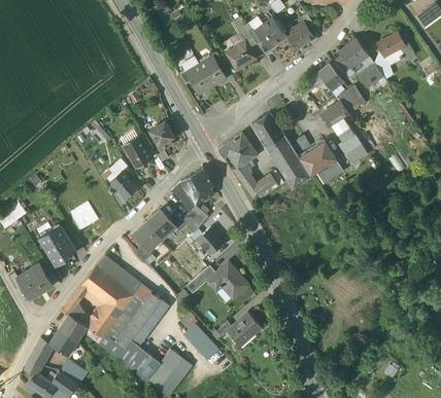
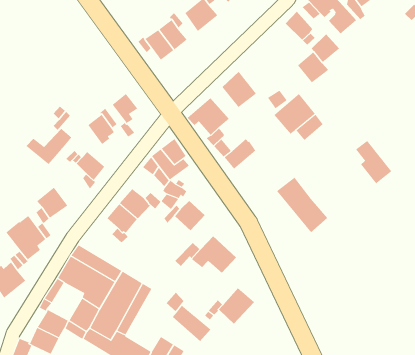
building: [336,123,368,165] -> [355,140,392,184]
building: [266,135,311,188] -> [276,177,328,233]
building: none -> [26,127,72,164]

